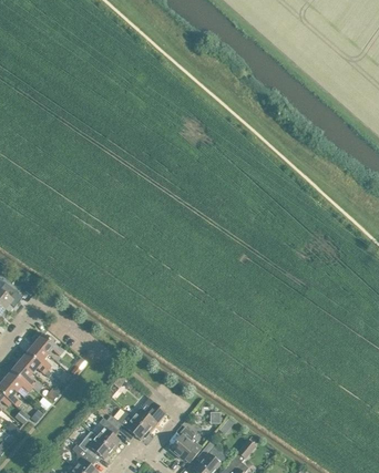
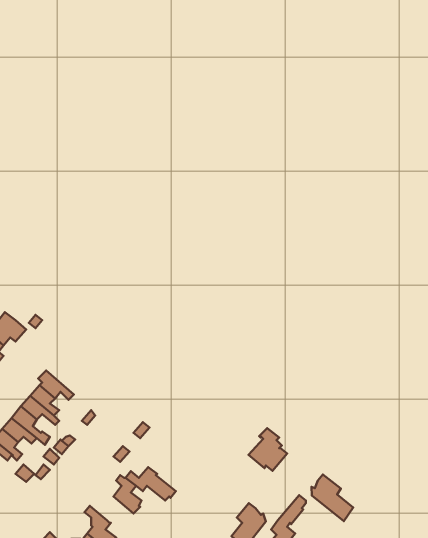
building: [131,402,165,432] -> none
building: none -> [312,474,353,521]
building: [168,426,201,462] -> [249,428,287,471]
building: [78,432,112,459] -> none

